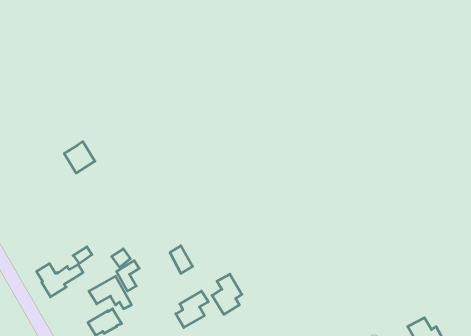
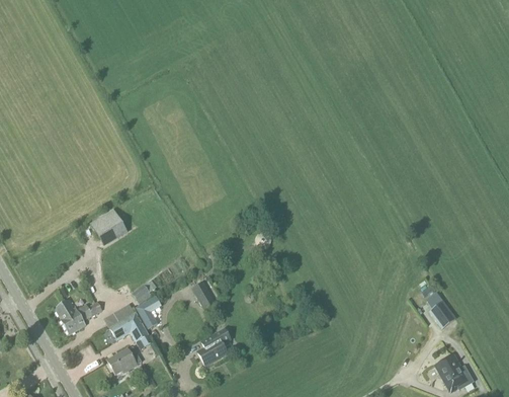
building: [64,142,95,173] -> [90,209,121,241]
building: none -> [428,299,455,328]
building: [212,274,242,314] -> none

